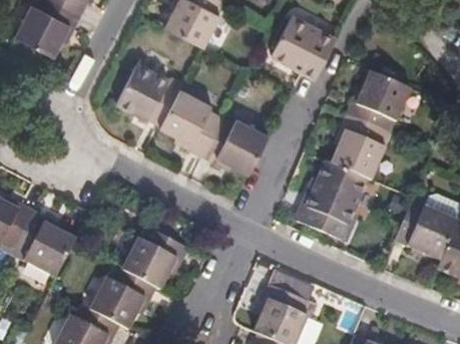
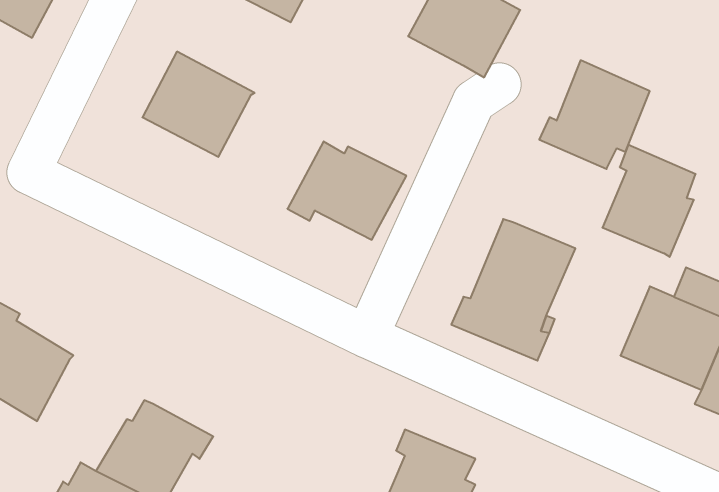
building: [159,89,221,155] -> none
building: [332,115,386,181] -> [602,145,696,257]
building: [122,227,189,289] -> none

